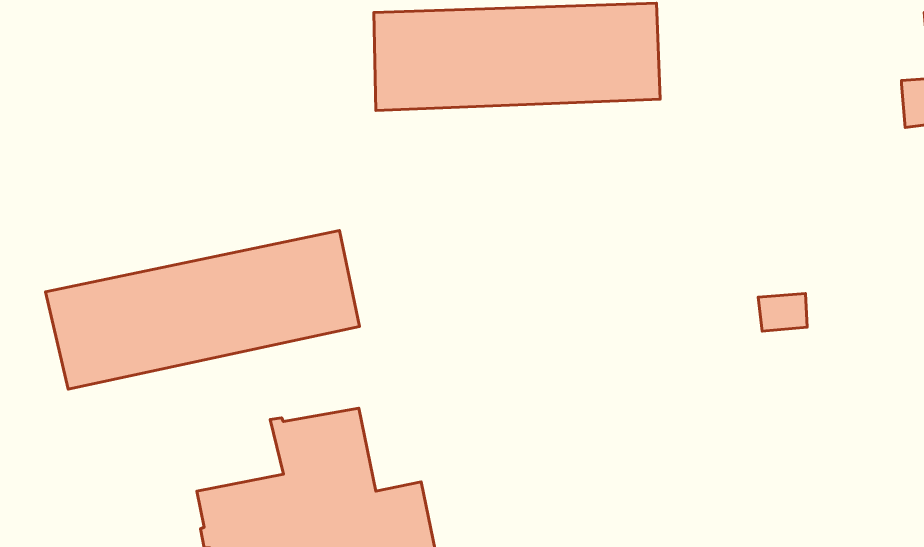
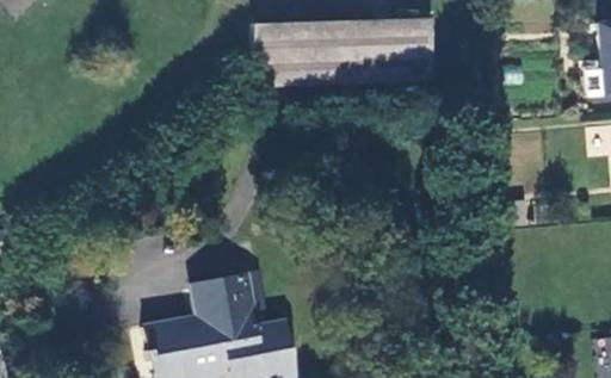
building: [46,230,360,389] -> none

